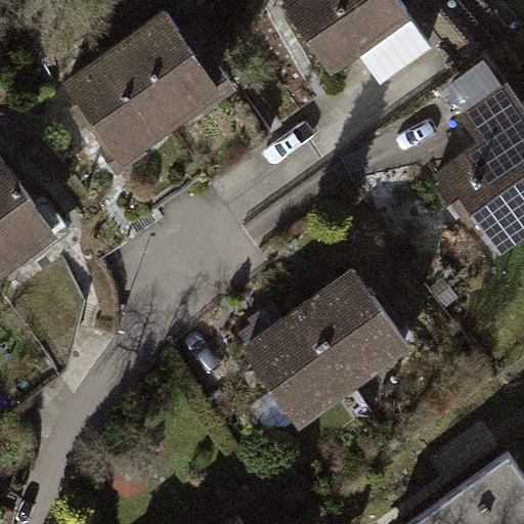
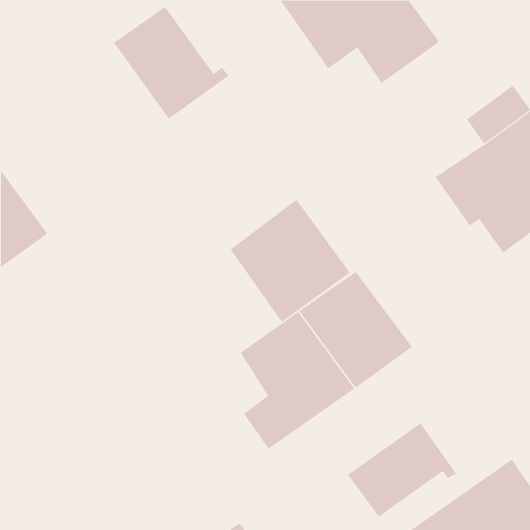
building: [62,47,170,167] -> none
building: none -> [230,199,350,323]
building: none -> [347,423,457,517]

